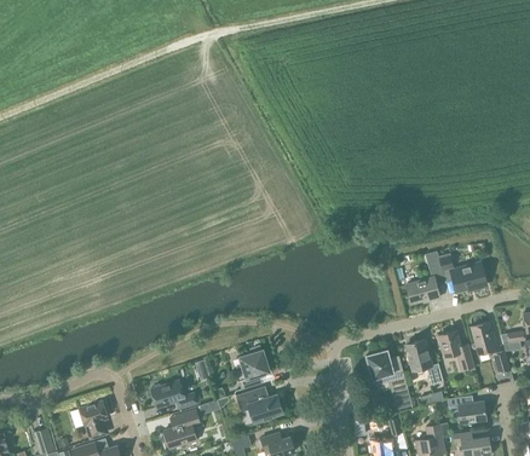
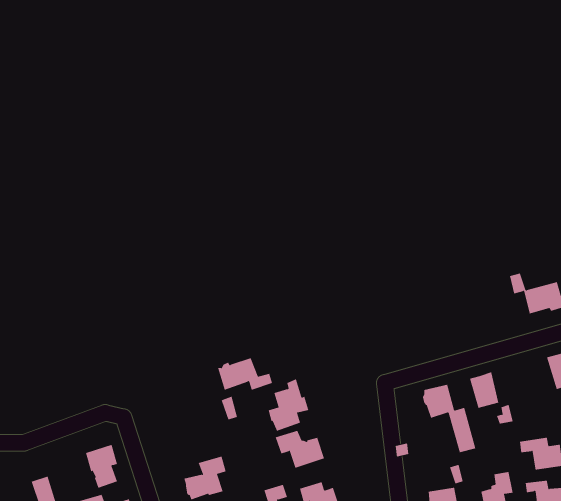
building: [407,255,445,302] -> none
building: [438,330,474,369] -> none
building: [150,380,197,408] -> [217,357,273,390]

